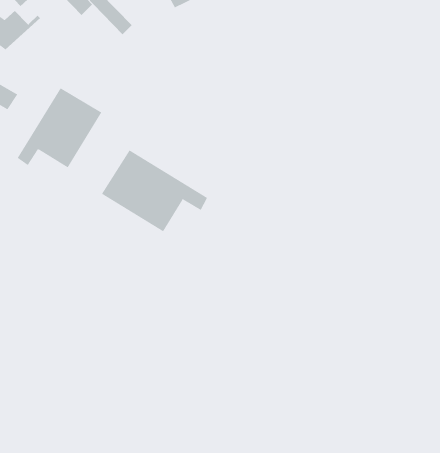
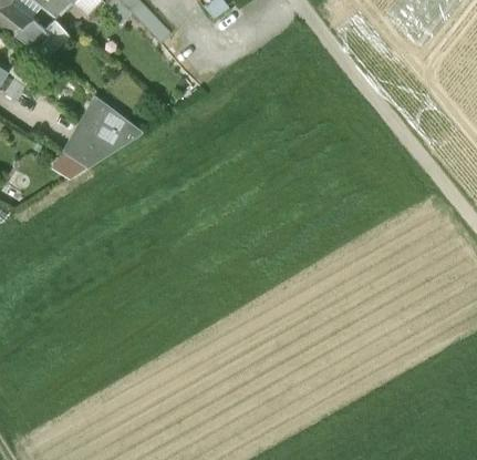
building: [101,149,208,232] -> none

